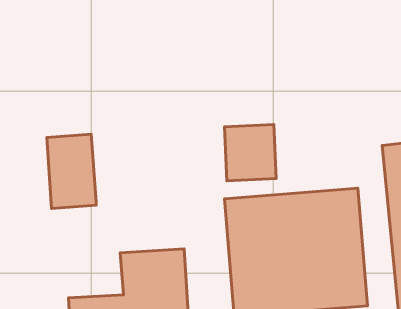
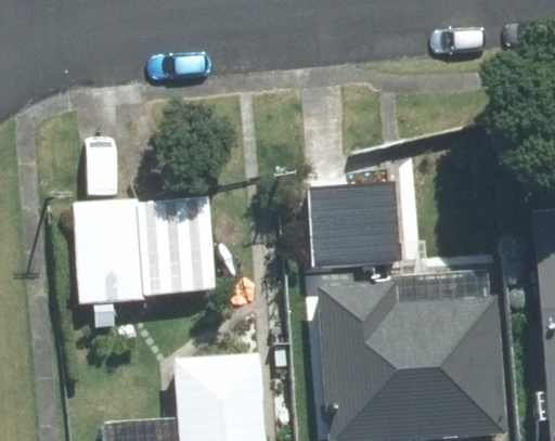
building: none -> [135,196,217,293]

